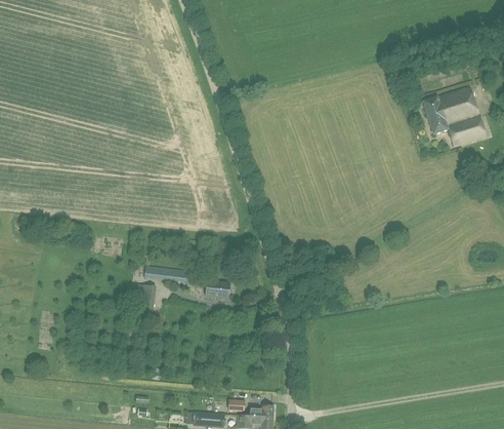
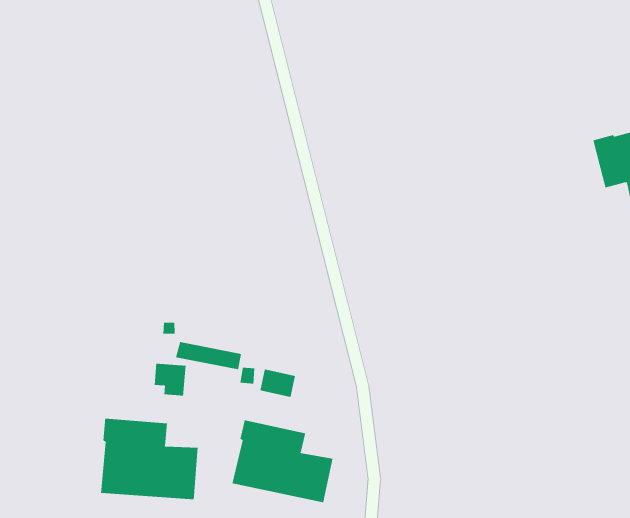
building: none -> [232,419,333,503]
building: none -> [100,418,198,500]

